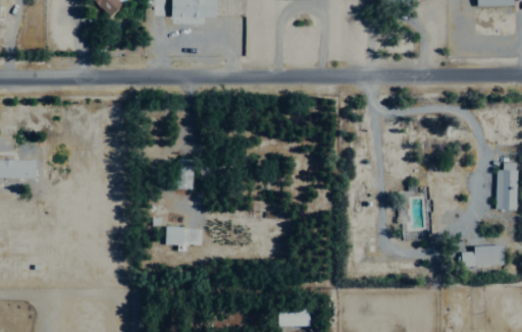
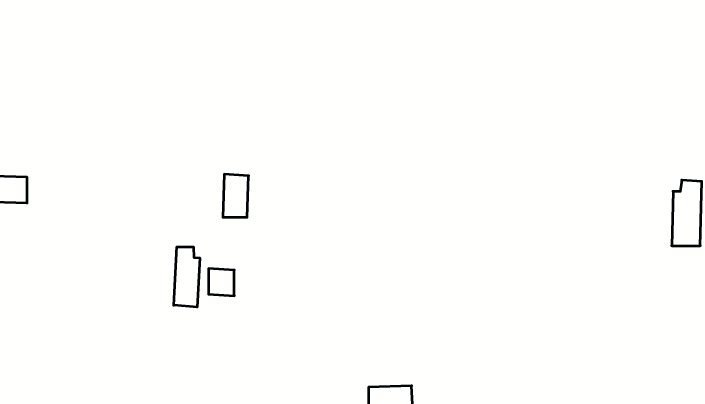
building: none -> [174,247,200,307]
building: [462,245,506,267] -> none

